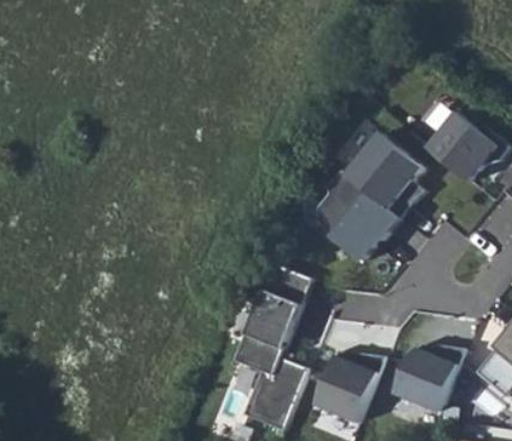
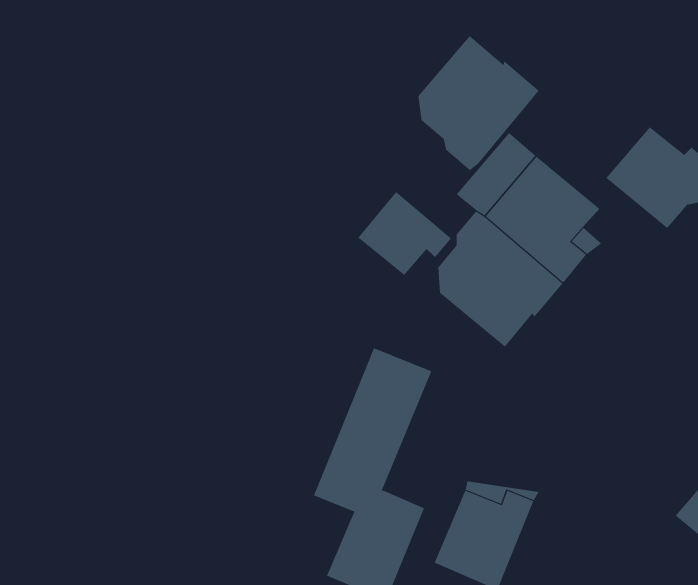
building: none -> [418,35,540,171]
building: none -> [358,191,452,276]
building: [390,345,460,409] -> none

